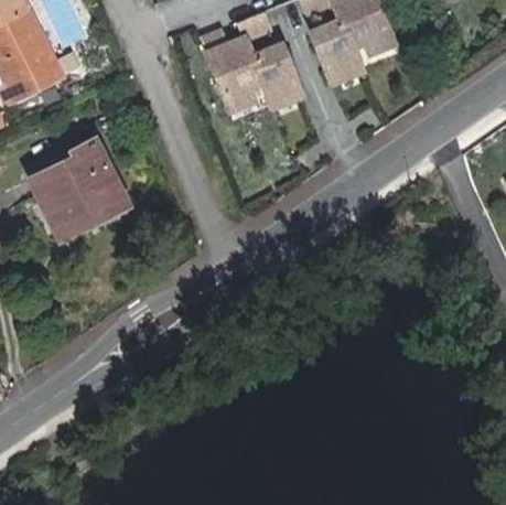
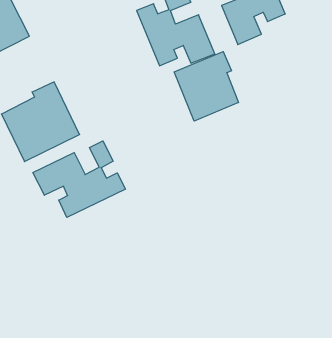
building: none -> [174,52,238,121]
building: none -> [33,141,125,217]

